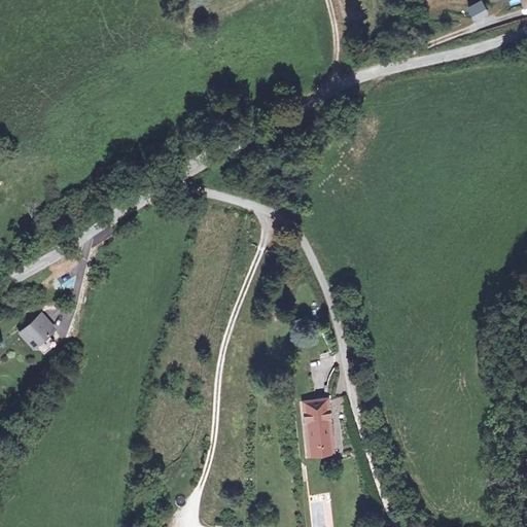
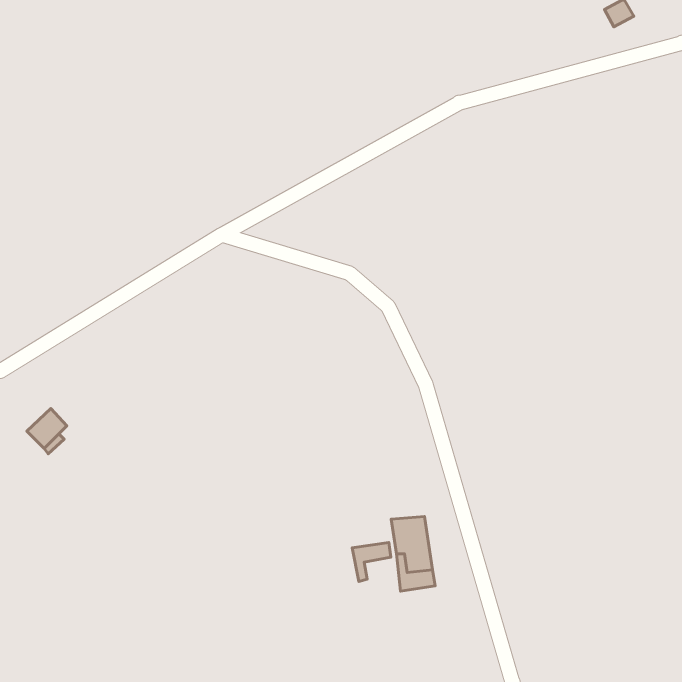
building: none -> [352,542,391,581]

